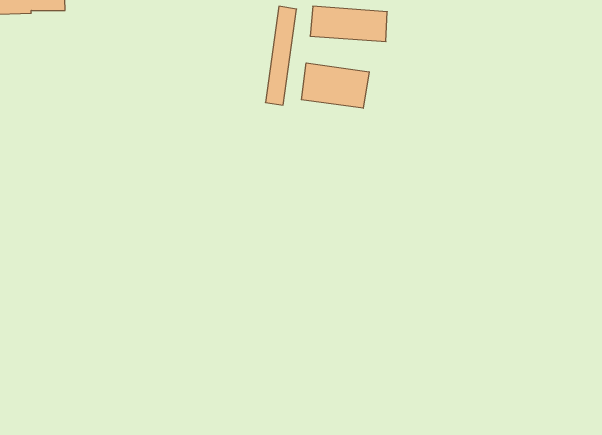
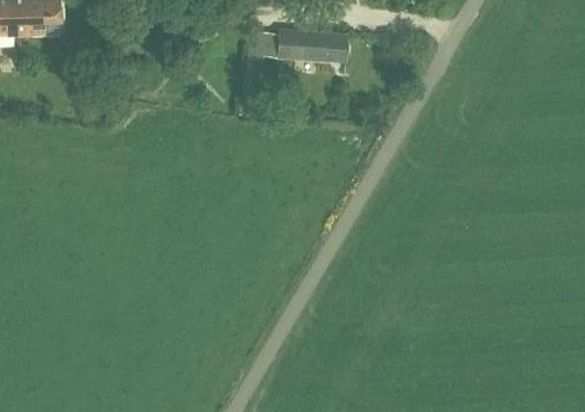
building: [301,63,369,108] -> none

